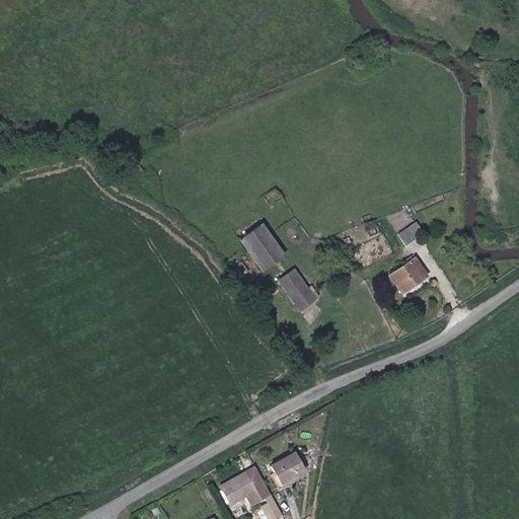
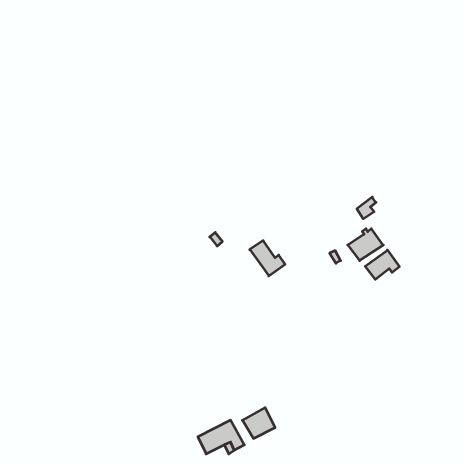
building: [240,223,283,268] -> none
building: none -> [365,250,399,279]

